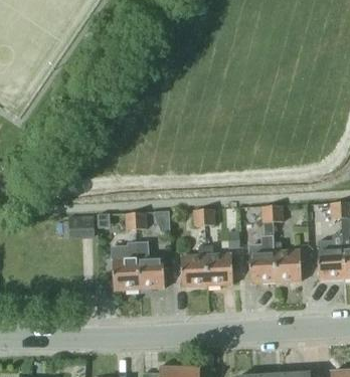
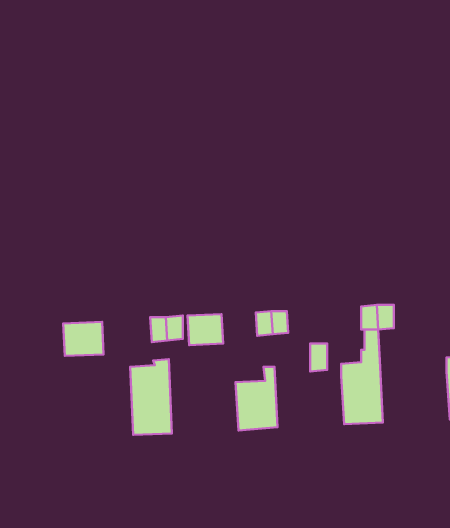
building: [137,240,164,289] -> none
building: [274,241,301,281] -> none
building: [205,245,232,285] -> none

